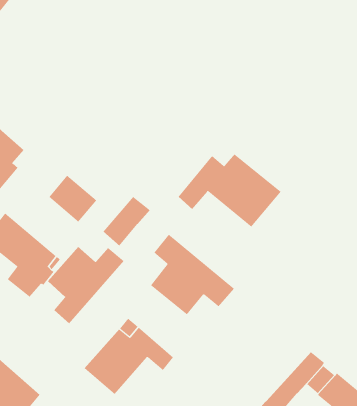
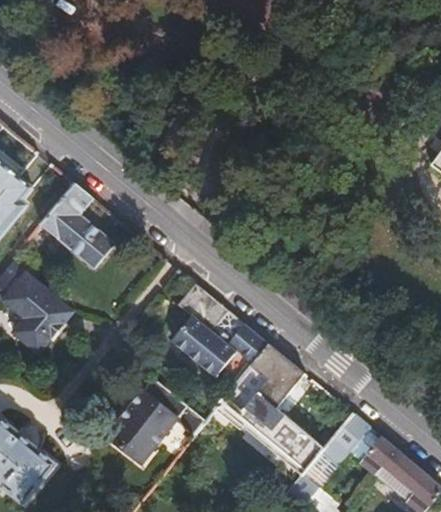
building: [178,154,281,227] -> none
building: [103,196,150,247] -> [39,183,93,240]
building: [47,246,124,324] -> none
building: none -> [220,344,324,472]

